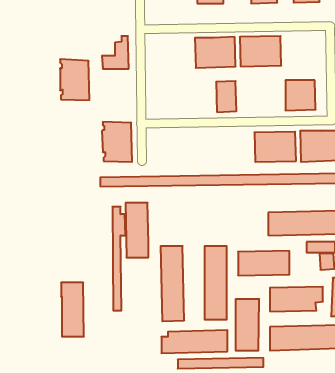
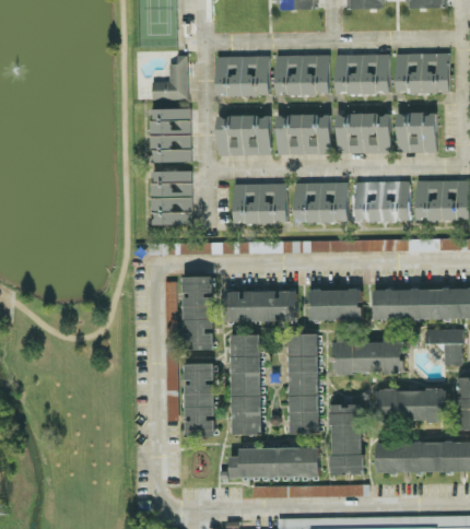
building: none -> [396,54,450,93]
building: none -> [216,56,271,96]
building: [60,59,89,100] -> [151,105,190,160]
building: none -> [337,114,391,154]
building: none -> [277,115,303,155]
building: none -> [218,116,271,156]
building: none -> [295,183,349,223]
building: none -> [234,184,289,224]
building: none -> [308,289,363,321]
building: none -> [224,291,297,322]
building: [61,283,84,337] -> [184,364,214,436]

